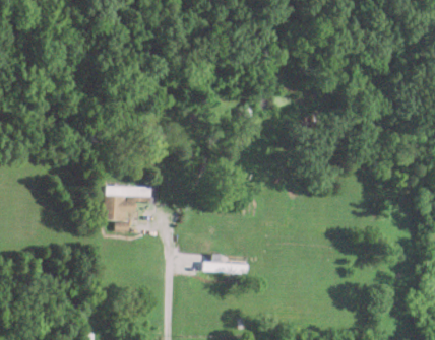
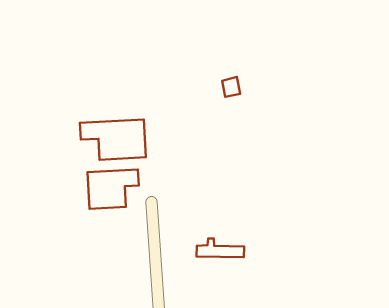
building: none -> [80,119,146,160]

